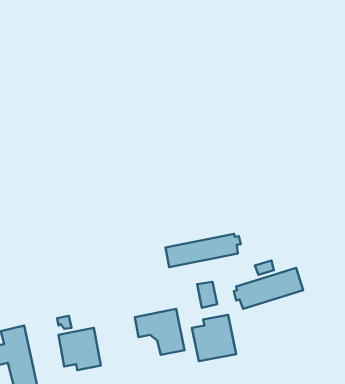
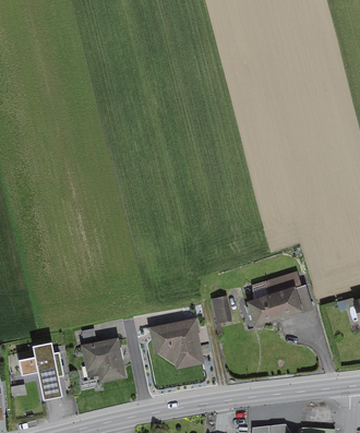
building: [165,234,241,267] -> none
building: [192,315,236,361] -> none

